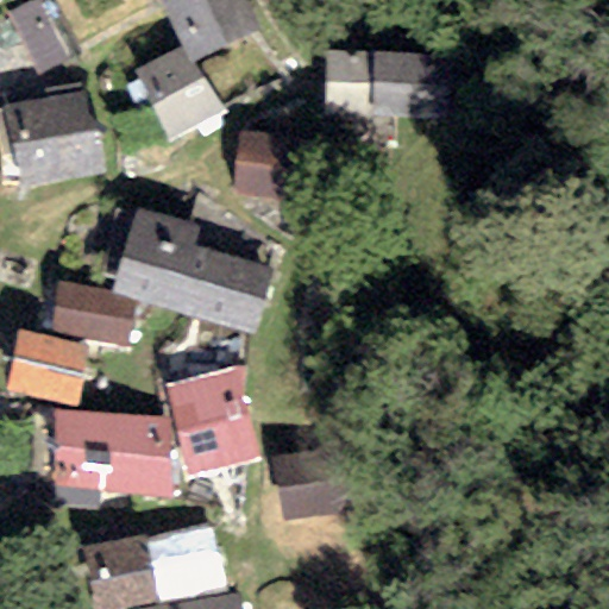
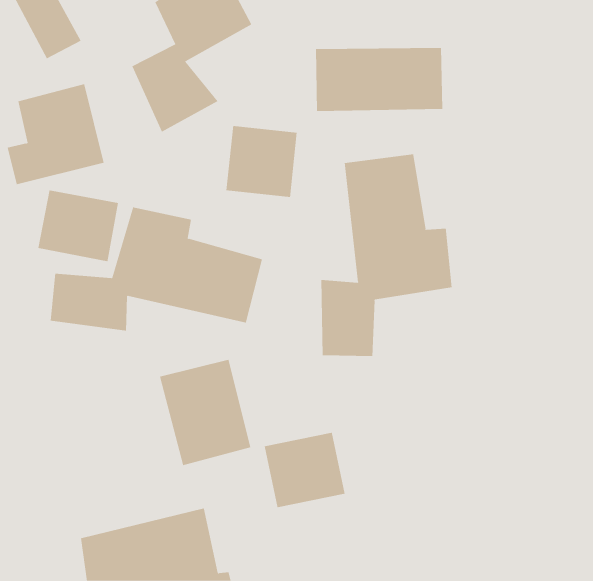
building: none -> [321,154,452,357]
building: [6,333,89,407] -> [37,190,119,262]
building: [52,413,170,490] -> none

